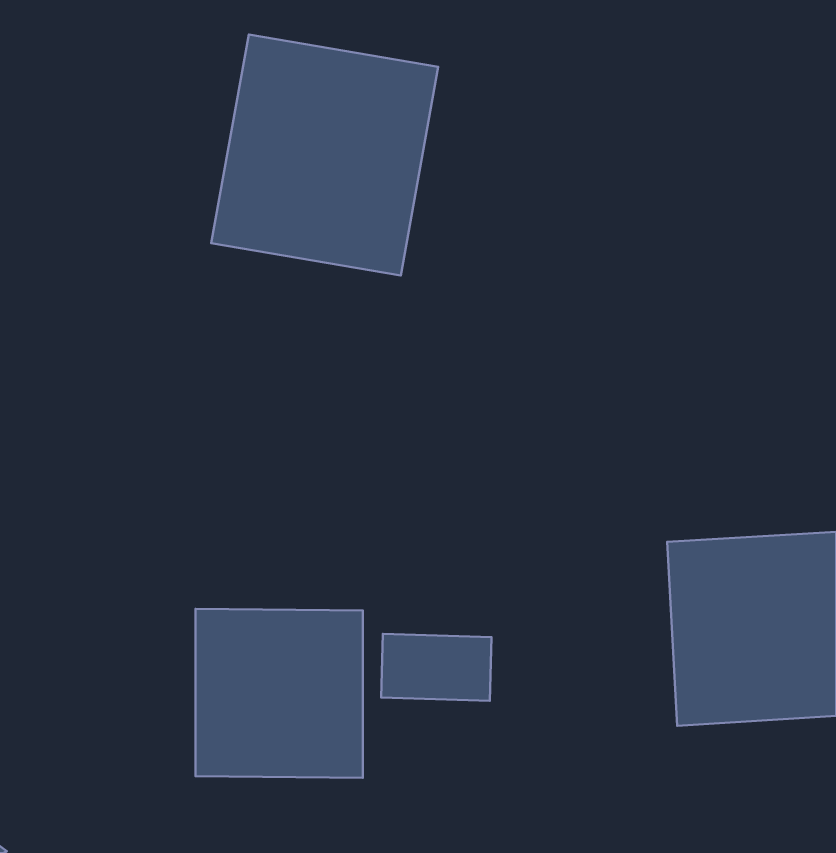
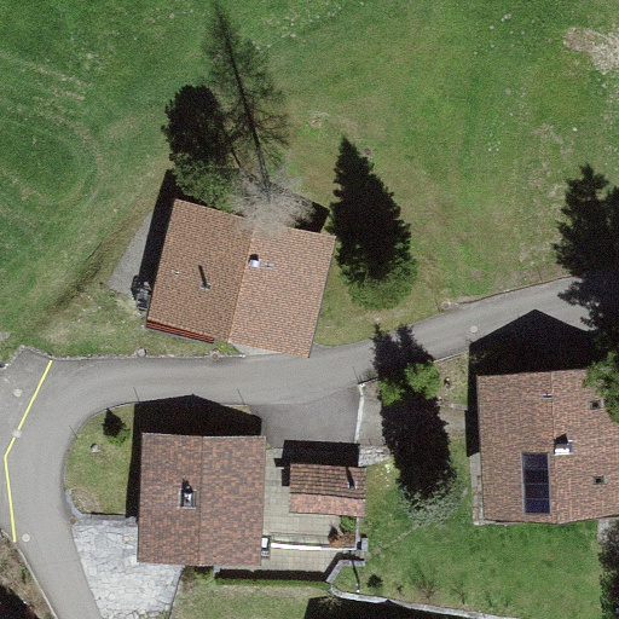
building: [211,34,438,275] -> none
building: none -> [152,209,332,340]

